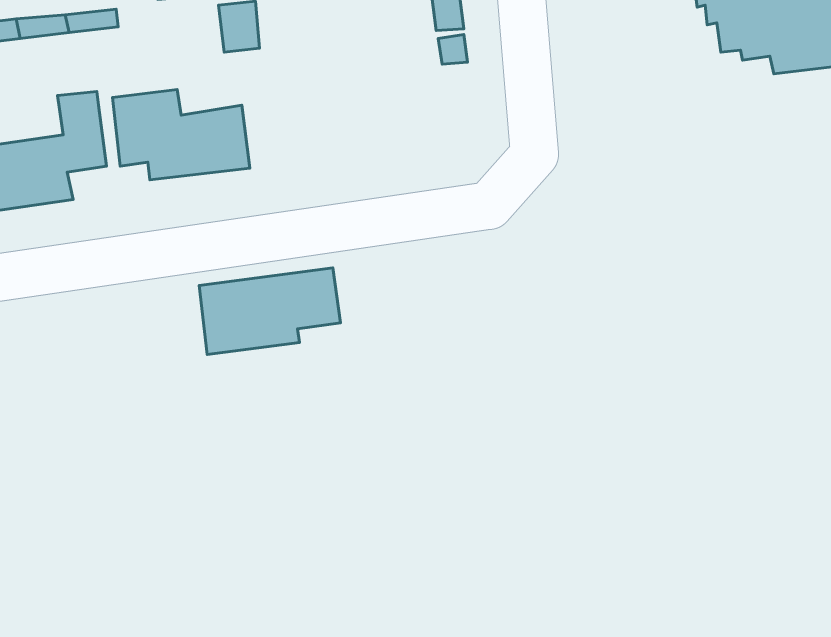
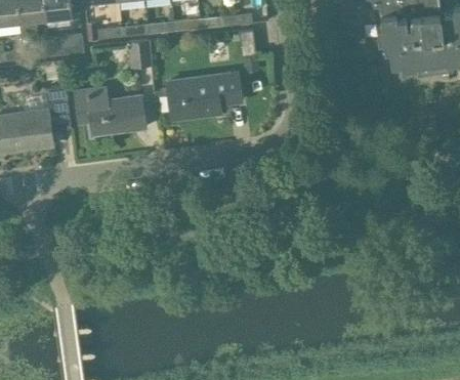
building: [199,268,341,354] -> [167,74,241,119]

